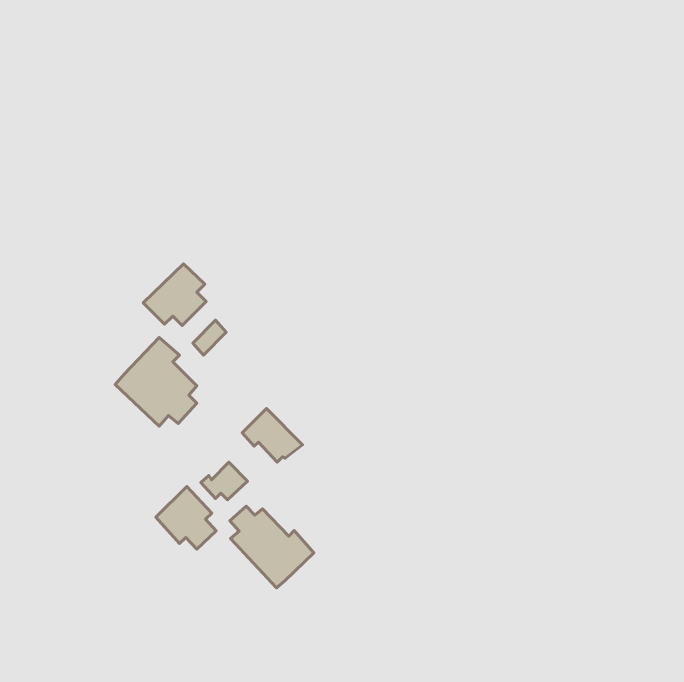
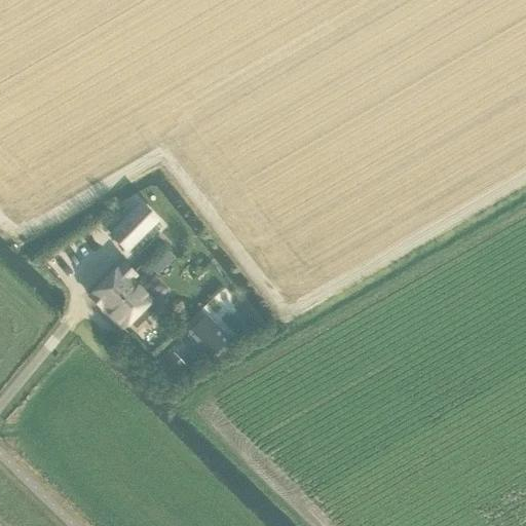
building: [156,486,216,549] -> none
building: [230,506,314,588] -> none

